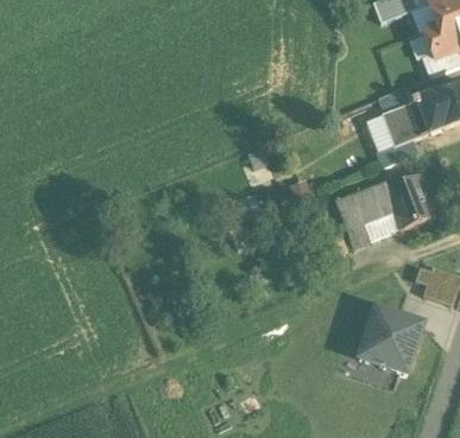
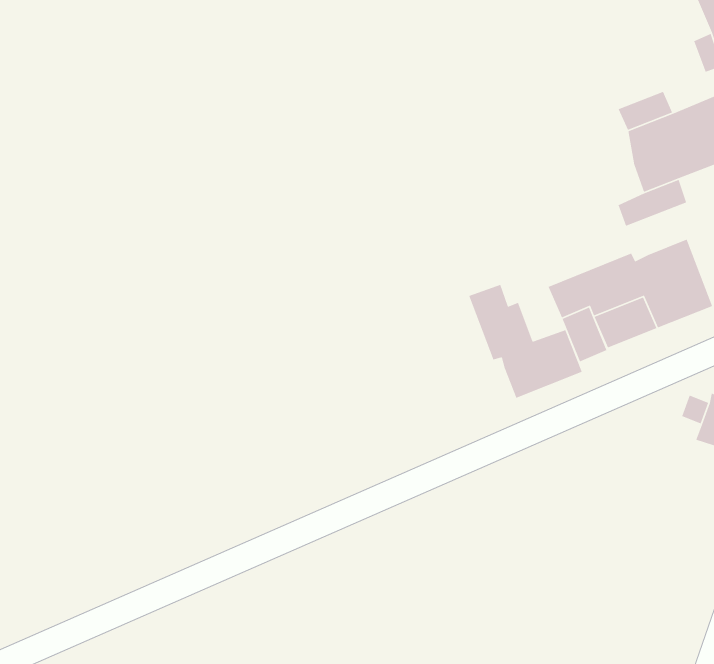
building: none -> [468,284,583,399]
building: [359,310,421,373] -> none

